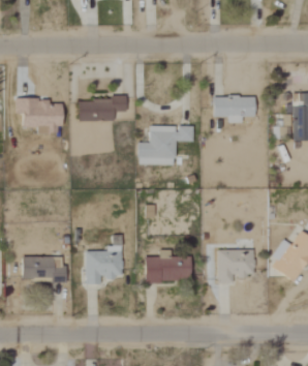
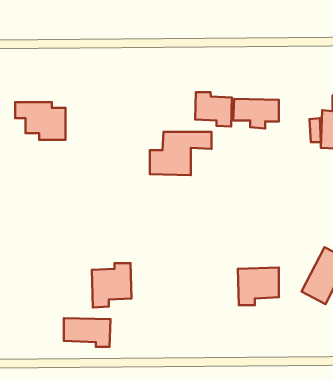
building: none -> [195,92,232,127]
building: [78,98,125,121] -> none
building: [23,256,65,282] -> [64,318,111,347]
building: [146,256,191,281] -> none

